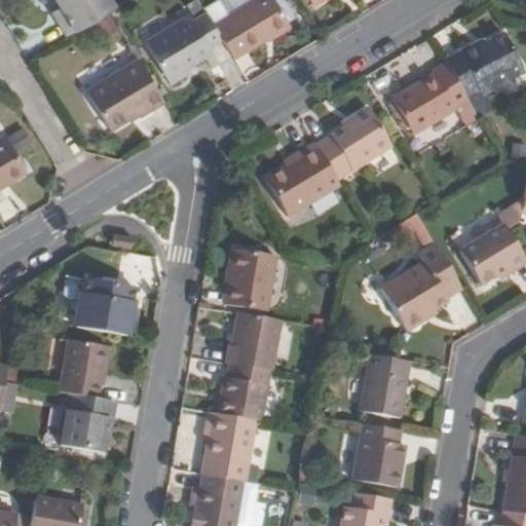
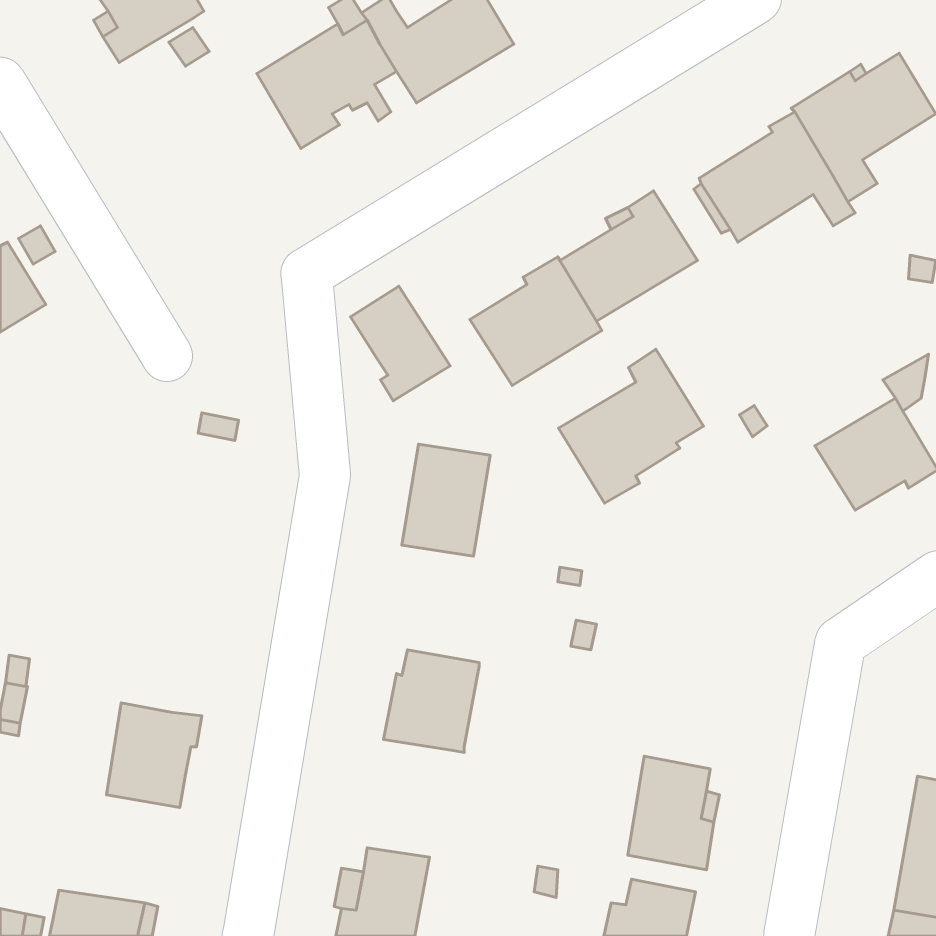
building: [87,59,164,128] -> none
building: none -> [350,286,450,401]
building: [379,243,460,330] -> [559,349,704,503]
building: [75,278,134,336] -> none
building: [225,312,280,371] -> none
building: [60,339,109,399] -> none
building: [359,354,408,417] -> none
building: [200,413,255,481] -> none

